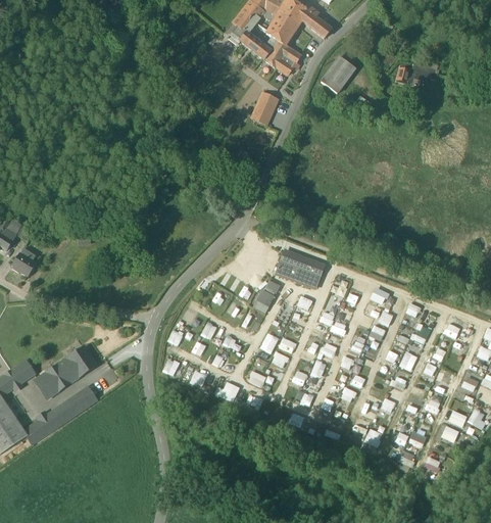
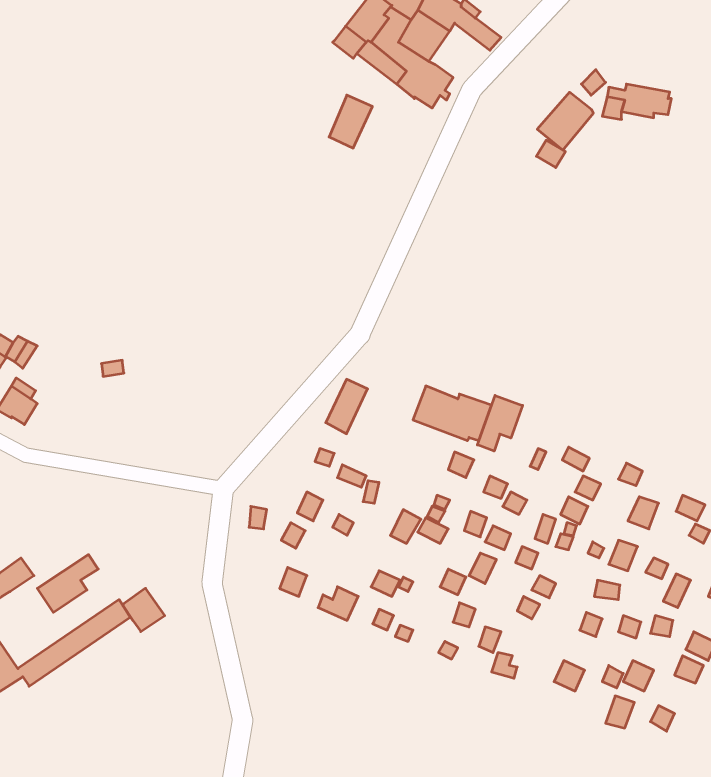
building: [321,57,356,94] -> [537,92,593,150]
building: [250,92,278,126] -> [329,95,372,148]
building: none -> [477,395,523,451]
building: [254,278,281,313] -> [326,379,368,434]
building: [68,348,95,376] -> [123,588,165,632]

